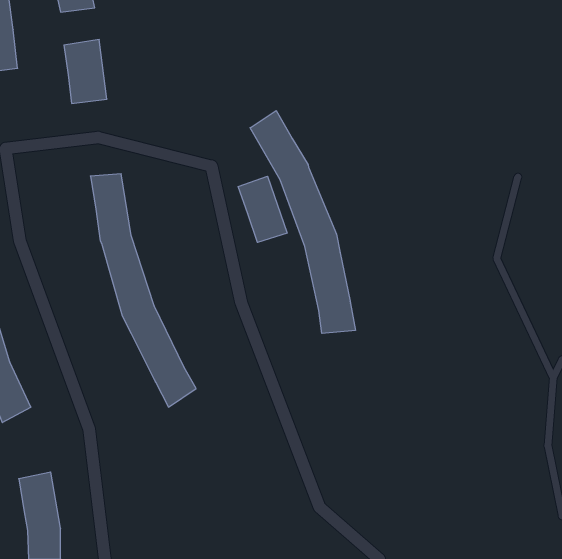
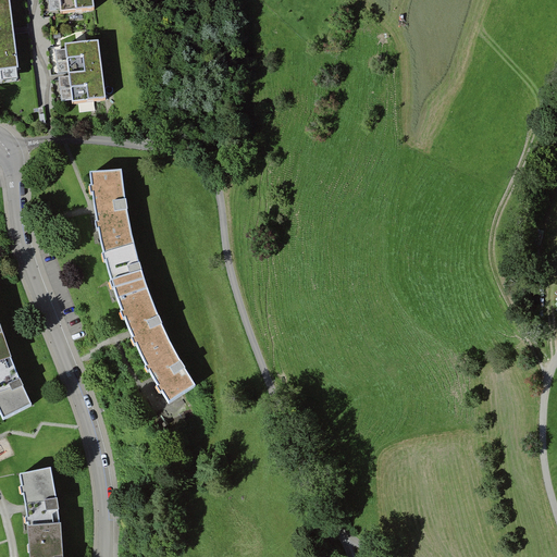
building: [250,111,355,333] -> none
building: [238,176,287,242] -> none

